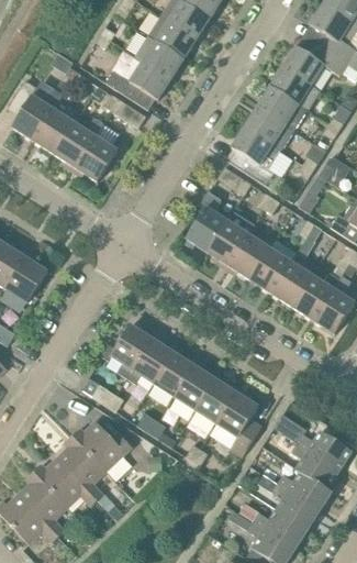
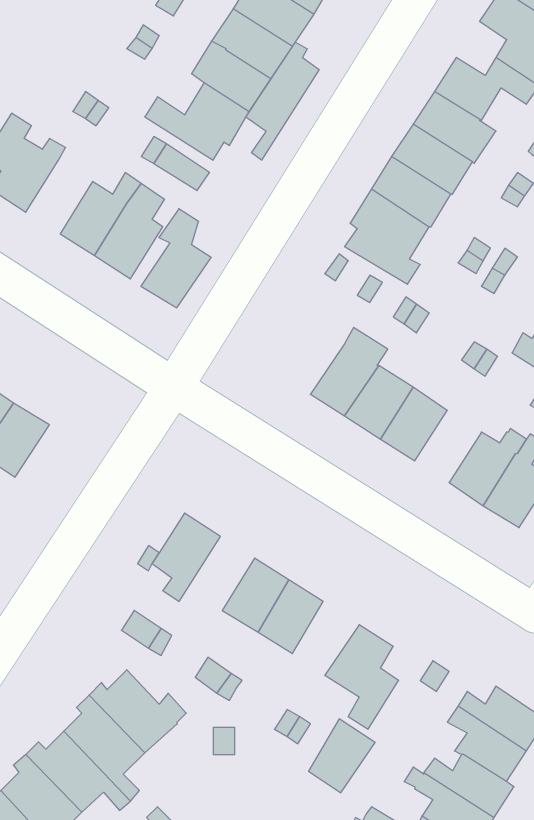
building: none -> [246,42,319,160]
building: [34,109,75,154] -> none
building: [186,191,228,252] -> [141,209,211,308]
building: [271,262,312,306] -> none
building: [127,339,174,384] -> none
building: [197,378,237,423] -> [309,719,375,793]

